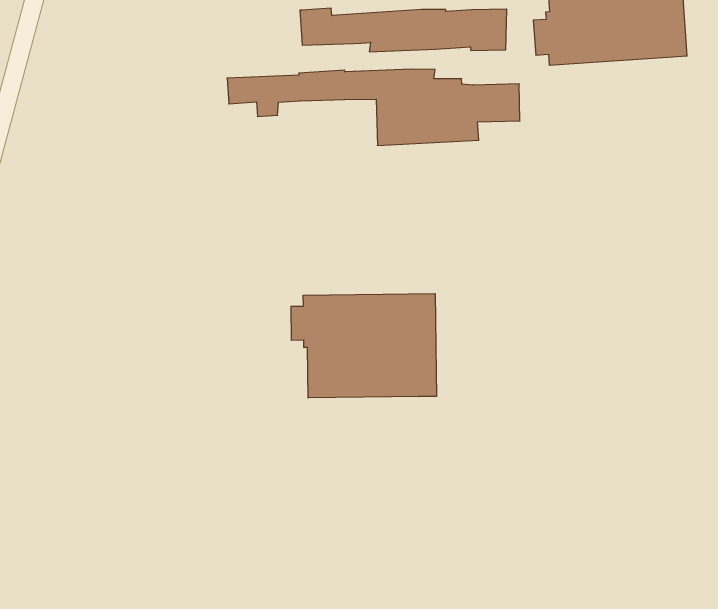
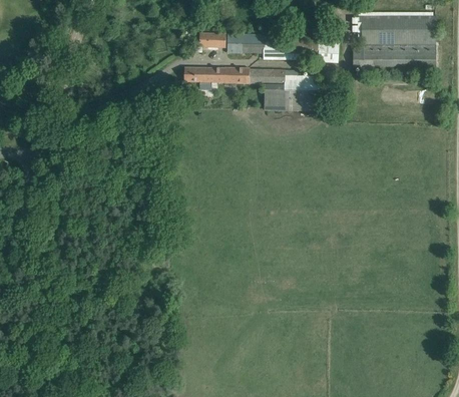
building: none -> [197,32,223,46]
building: [291,294,436,398] -> none

